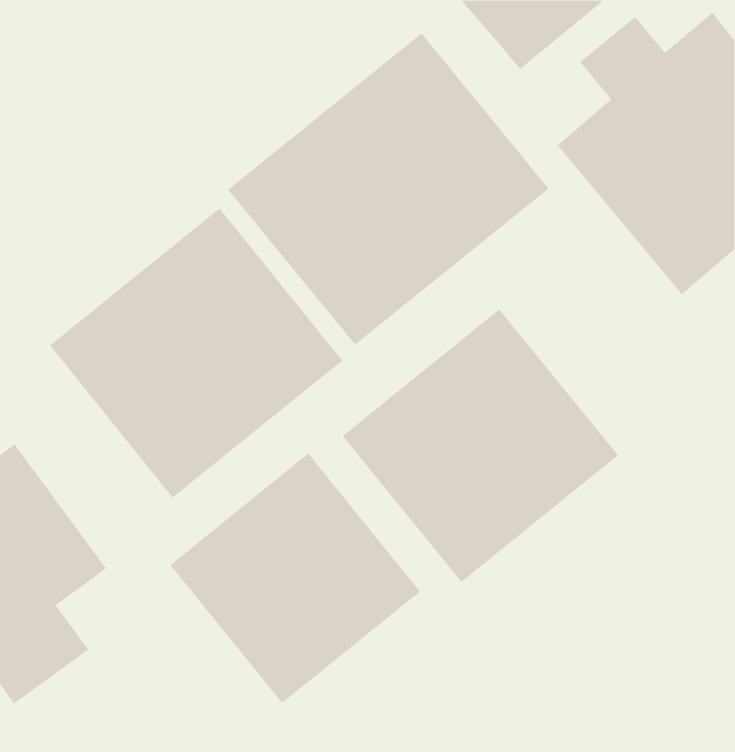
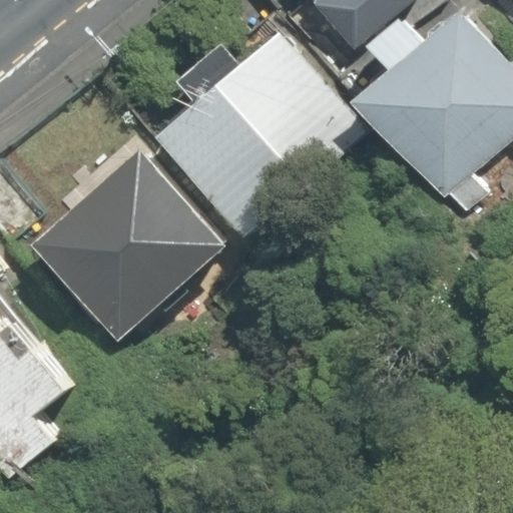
building: [342,308,619,583] -> none
building: [170,452,421,704] -> none

